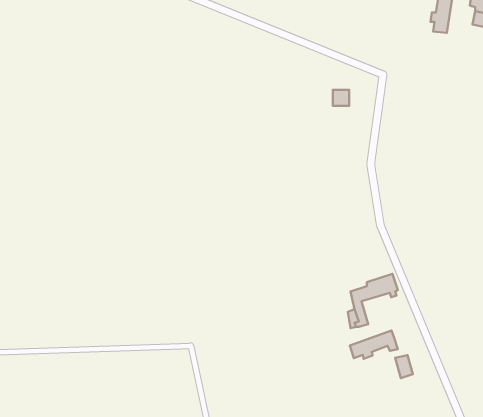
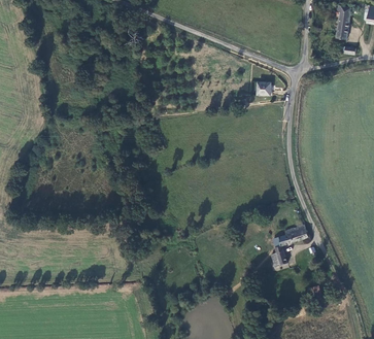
building: [350,330,398,359] -> none

